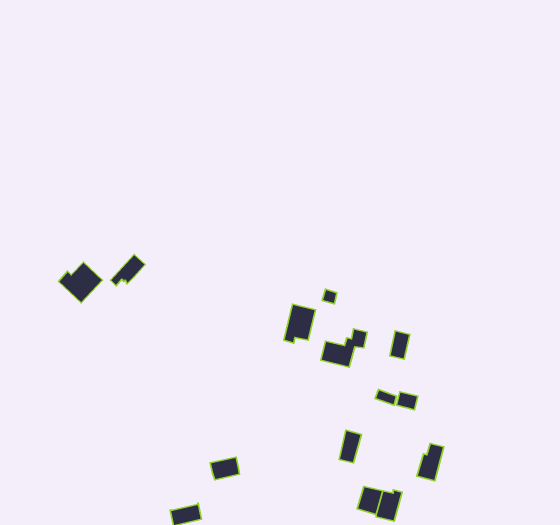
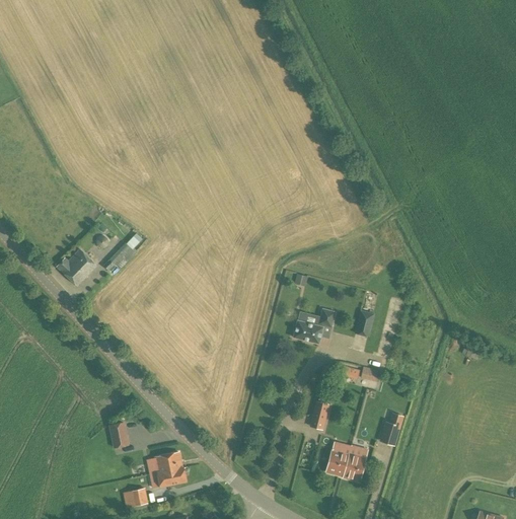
building: [284,304,316,343] -> none
building: none -> [108,421,129,447]
building: [210,457,240,480] -> [155,451,181,471]

